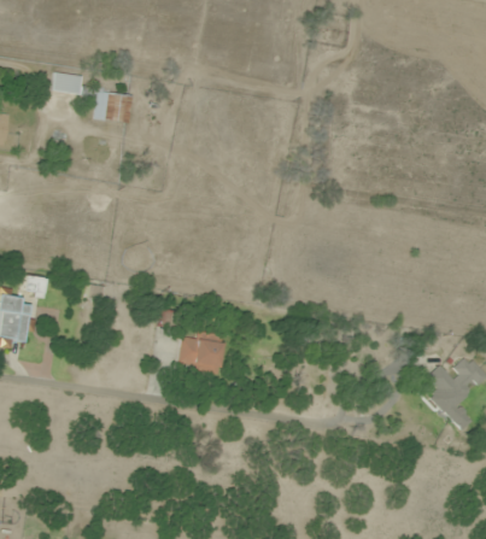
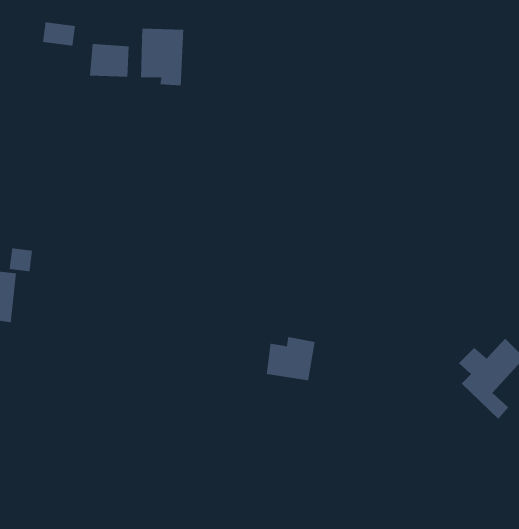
building: none -> [140,28,184,86]
building: [180,332,224,371] -> [266,337,316,381]

